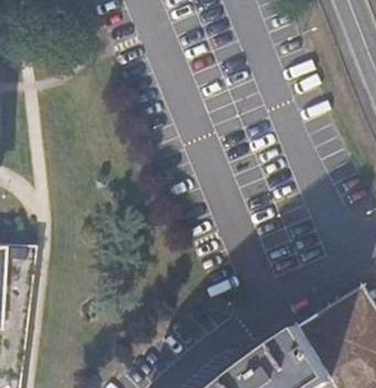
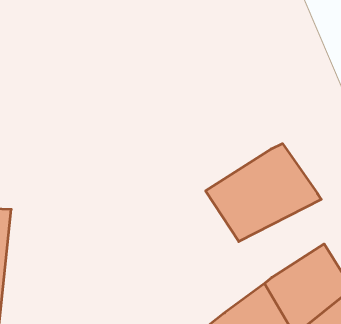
building: none -> [206,144,321,242]

